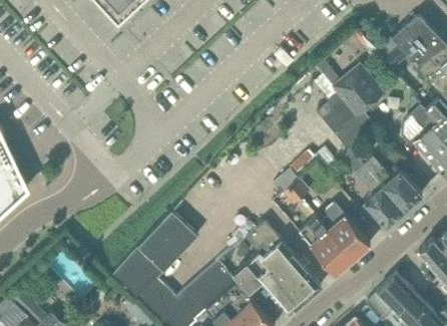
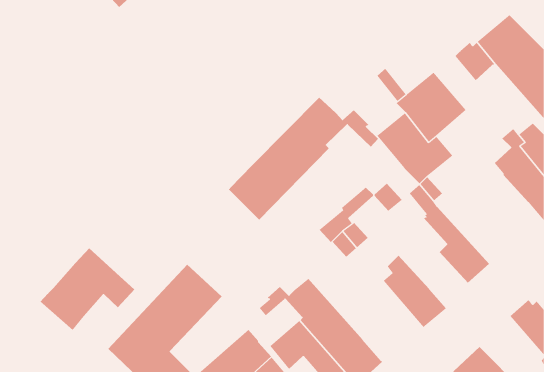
building: none -> [228,97,379,221]
building: [364,159,423,212] -> none
building: none -> [39,247,135,331]
building: [299,218,353,276] -> none

